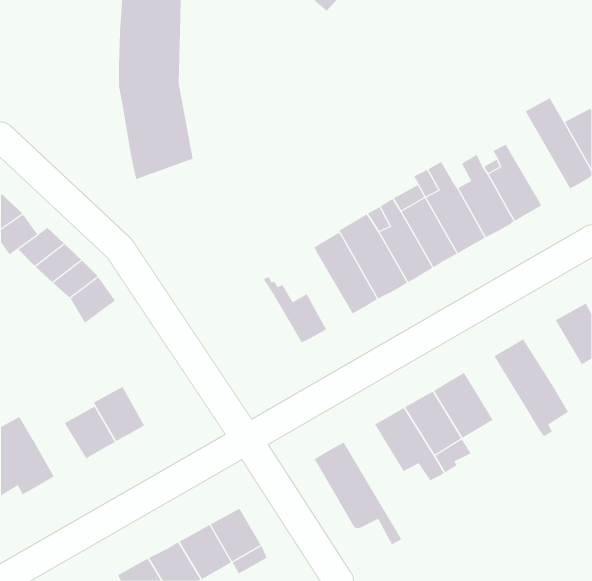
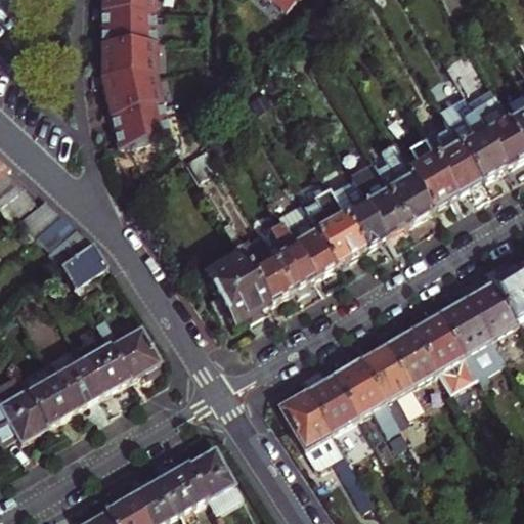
building: none -> [435,91,504,181]
building: none -> [271,223,311,291]
building: none -> [200,256,266,320]
building: none -> [463,282,515,341]
building: none -> [410,314,474,392]
building: none -> [96,317,159,379]
building: none -> [30,374,76,421]
building: none -> [304,375,356,433]

